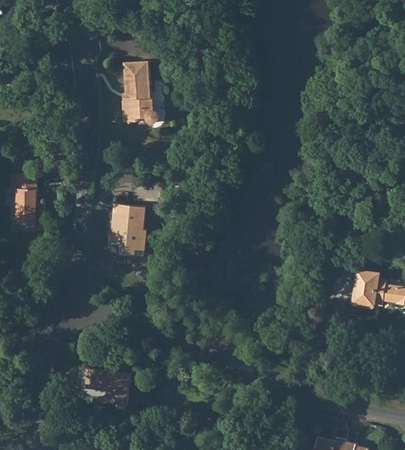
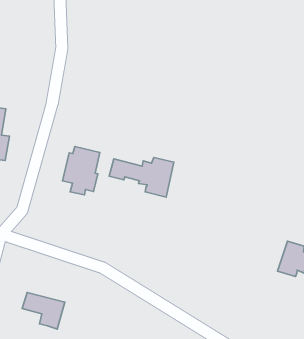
building: [121,60,158,122] -> none
building: none -> [109,157,174,197]

